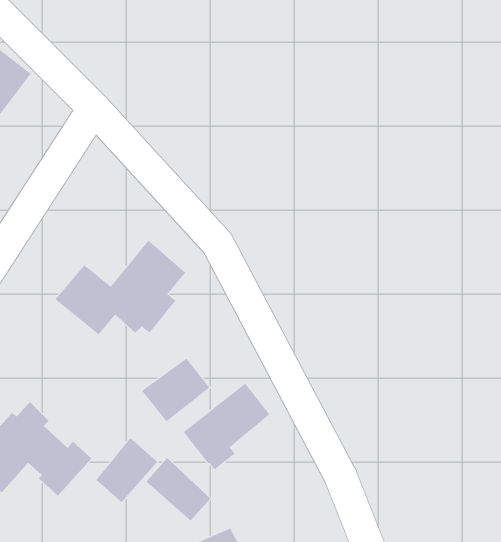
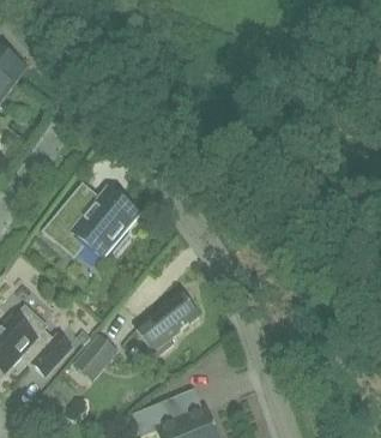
building: [141,358,210,422] -> none
building: [145,457,211,522] -> none

